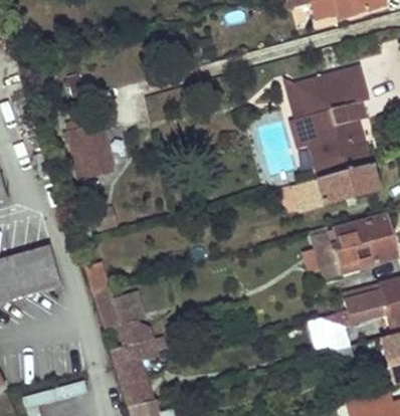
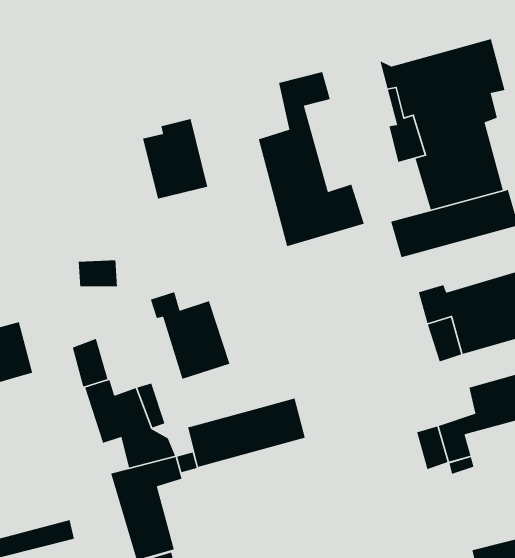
building: none -> [258,71,365,247]
building: [70,125,114,178] -> [142,118,208,200]
building: none -> [150,291,230,380]
building: none -> [187,397,306,468]

